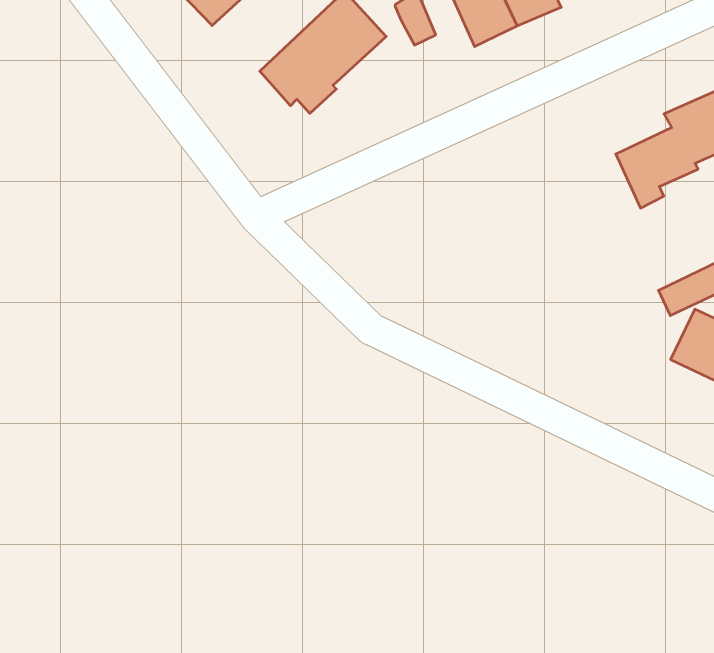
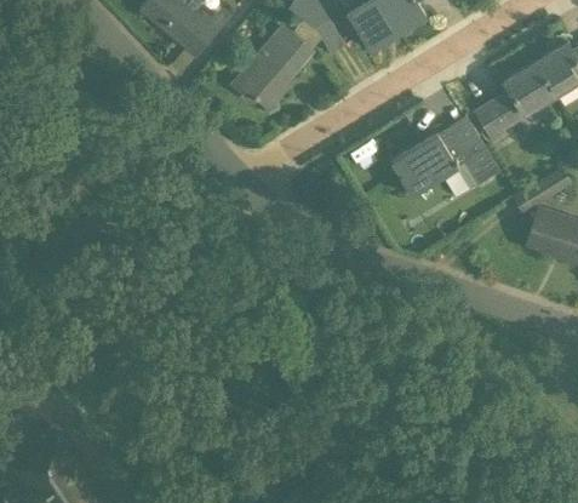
building: none -> [390,116,499,195]

